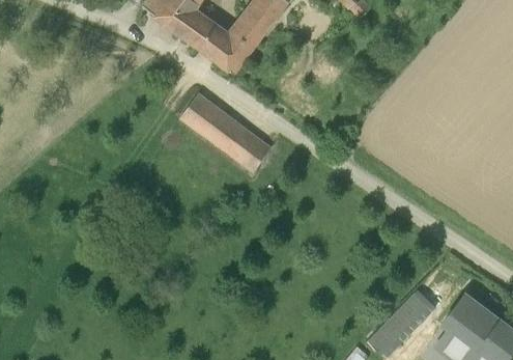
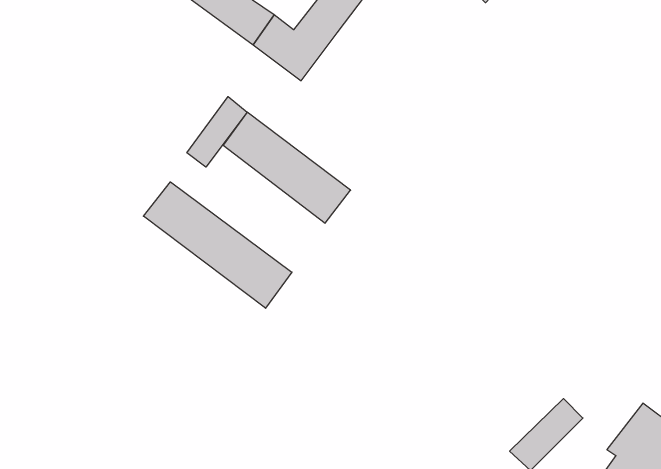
building: none -> [187,97,247,167]
building: none -> [143,182,292,308]

